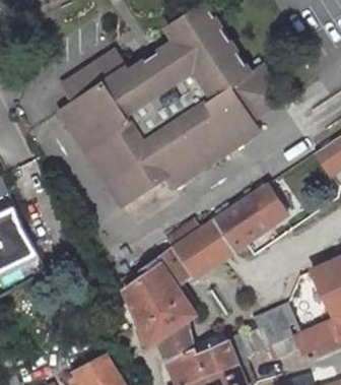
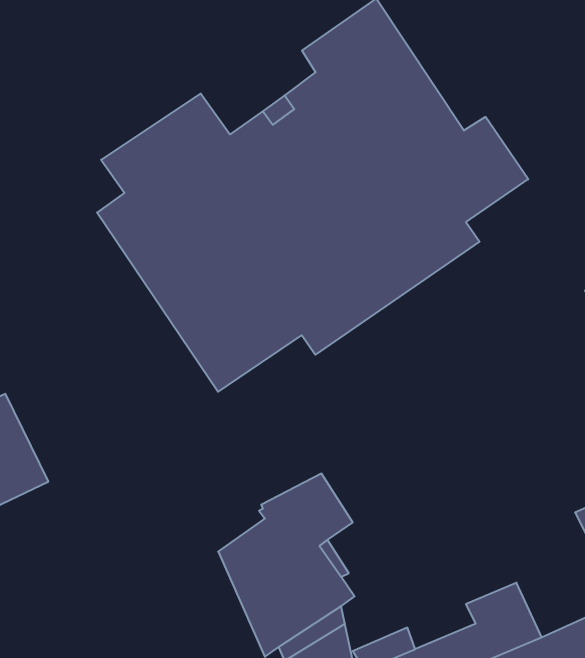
building: [169,185,286,275] -> none

